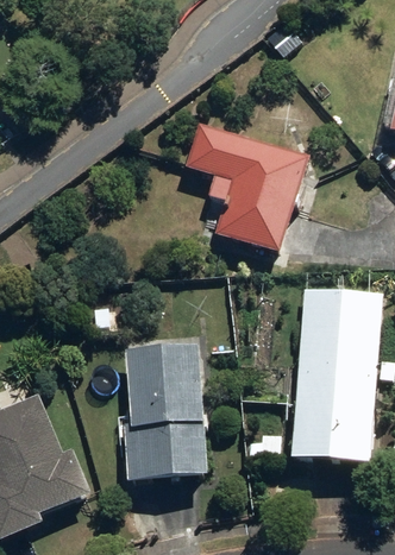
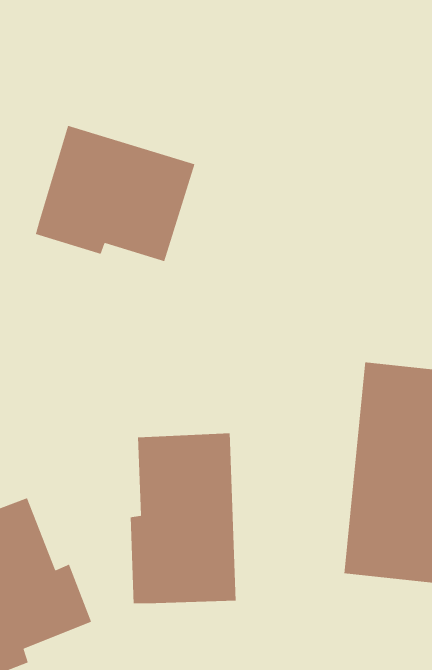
building: none -> [35,125,196,262]
building: [186,121,311,253] -> none

